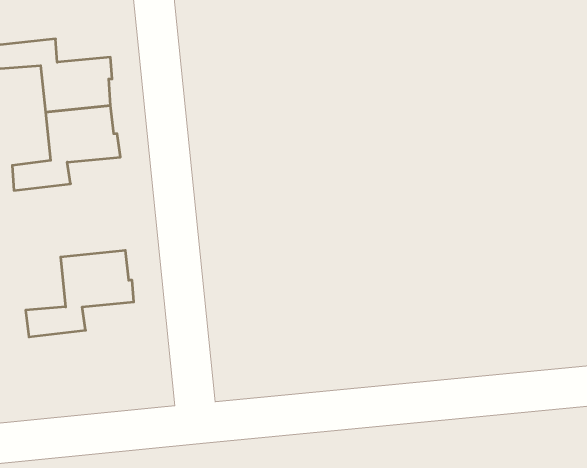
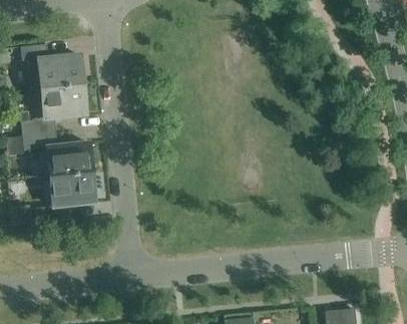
building: none -> [22,131,90,176]

